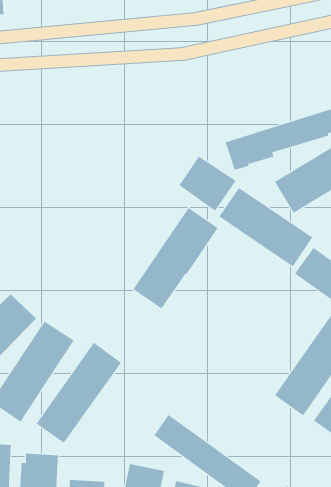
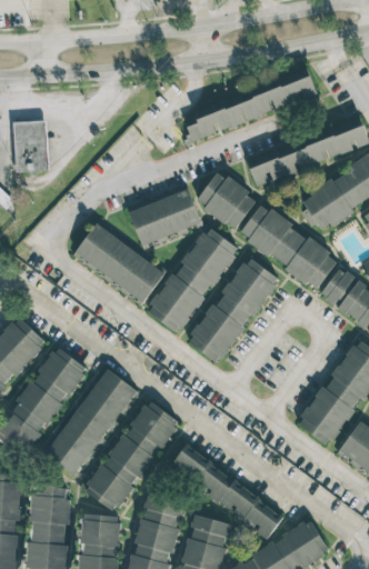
building: none -> [180,70,316,142]
building: none -> [12,120,48,172]
building: none -> [128,189,201,246]
building: none -> [72,223,164,305]
building: none -> [187,256,279,363]
building: none -> [84,399,177,513]

